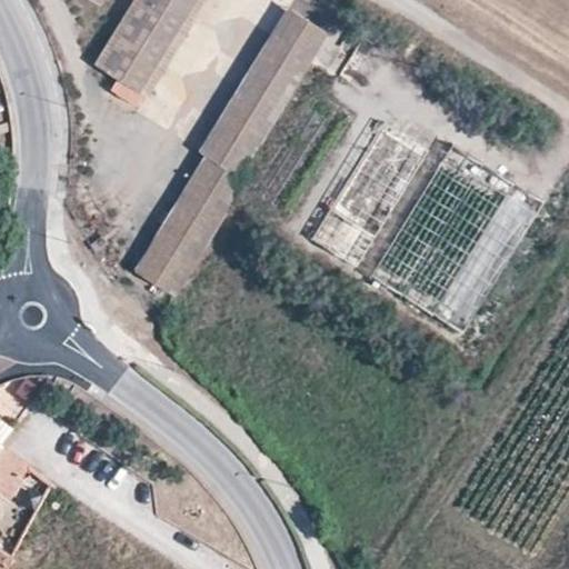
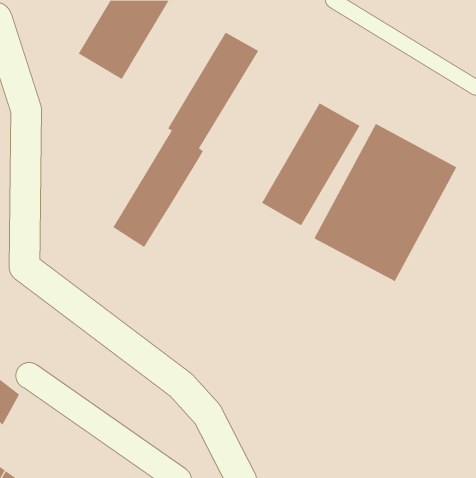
building: [267,11,323,62] -> none

